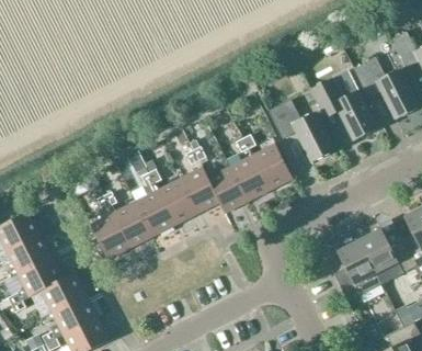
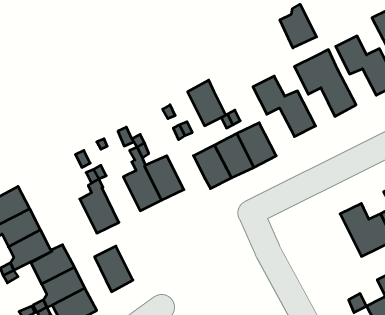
building: none -> [280,4,317,48]
building: [180,168,219,215] -> [188,80,226,126]
building: [113,202,152,249] -> [95,246,133,292]
building: [333,240,380,301] -> none

